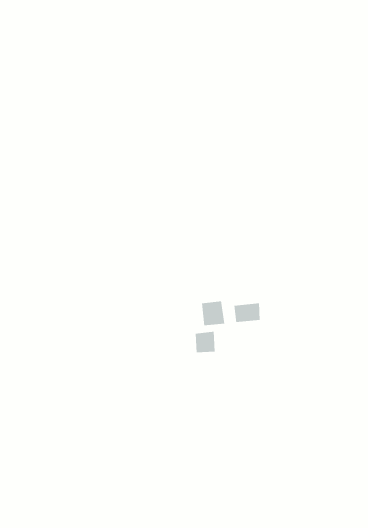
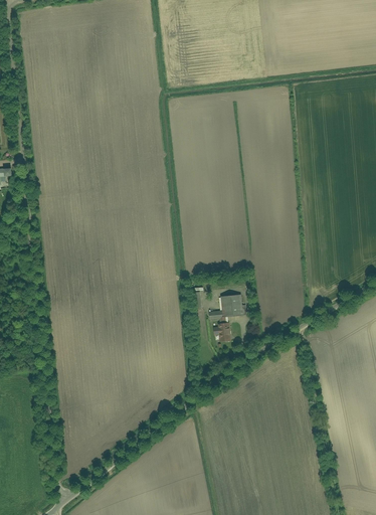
building: [234,302,260,323] -> none

